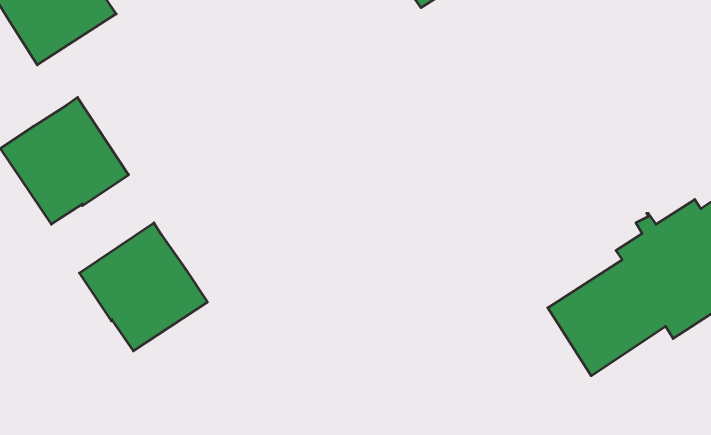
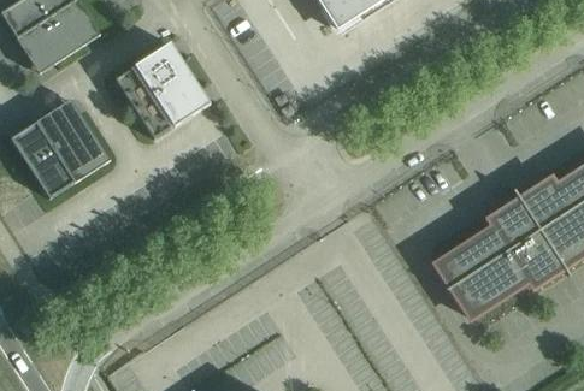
building: none -> [114,42,210,138]
building: [79,223,207,351] -> none

